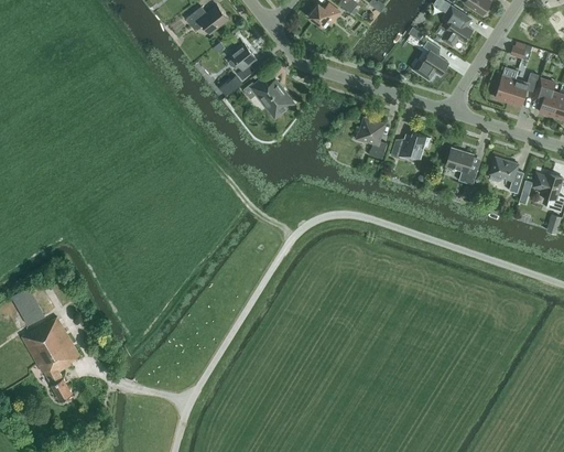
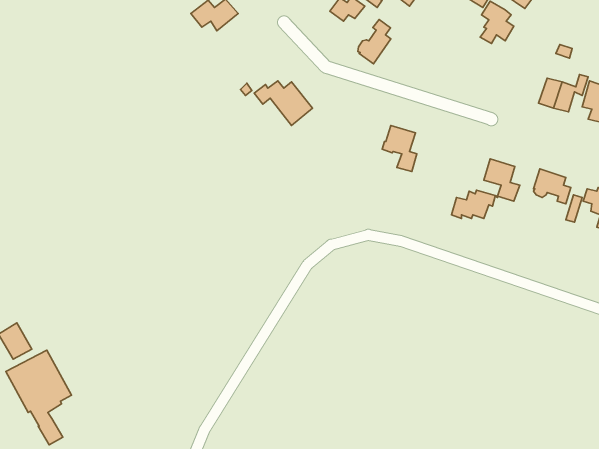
building: none -> [358,19,391,64]
building: [227,39,257,79] -> none
building: [412,40,448,80] -> none
building: [391,132,432,158] -> [452,190,498,219]

